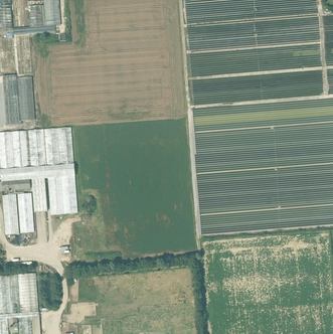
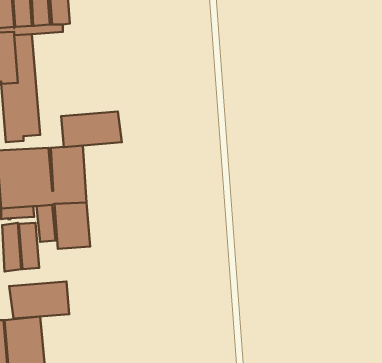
building: none -> [61,112,122,147]
building: none -> [9,282,69,319]

